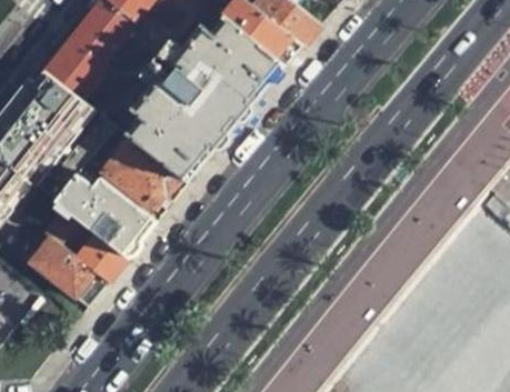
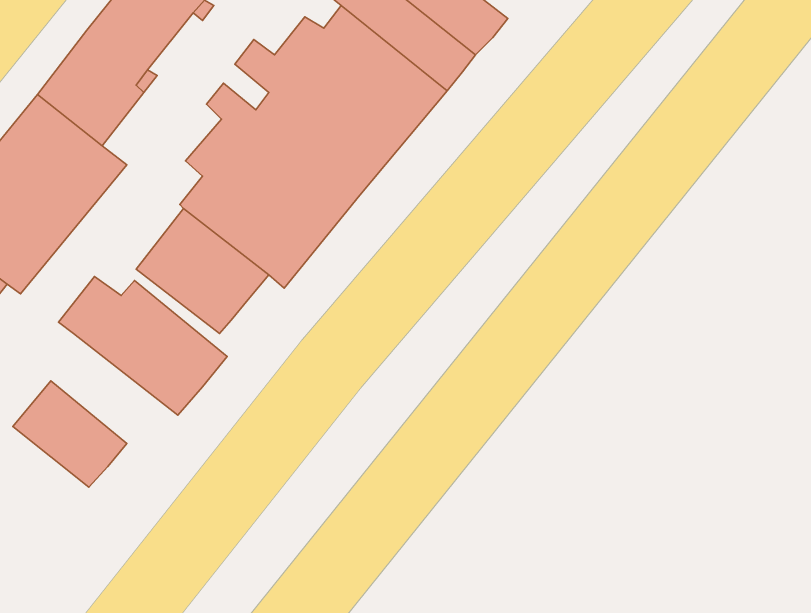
building: [46,208,126,280] -> none

